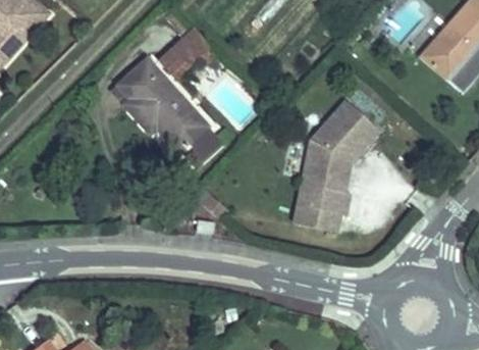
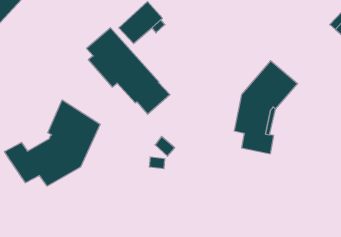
building: none -> [5,100,100,186]
building: [294,188,339,233] -> none

